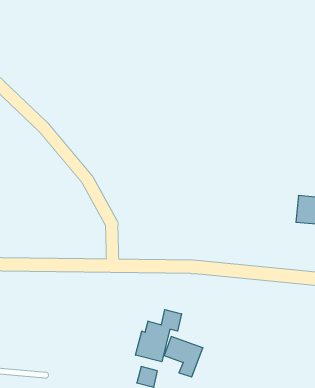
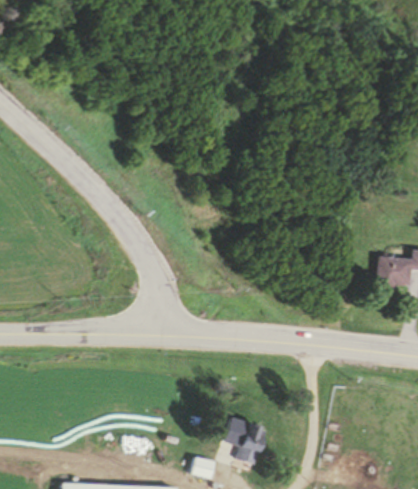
building: [136,310,182,362] -> none

